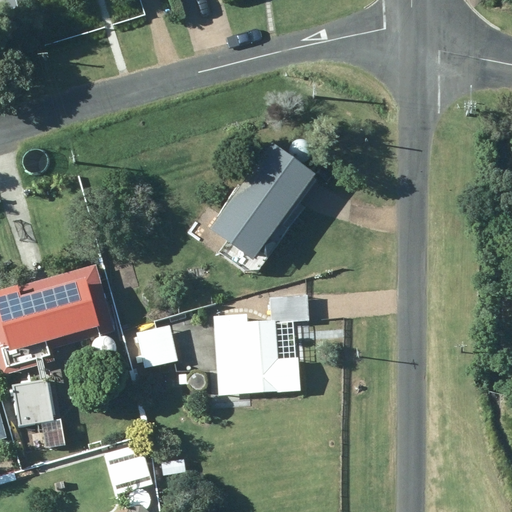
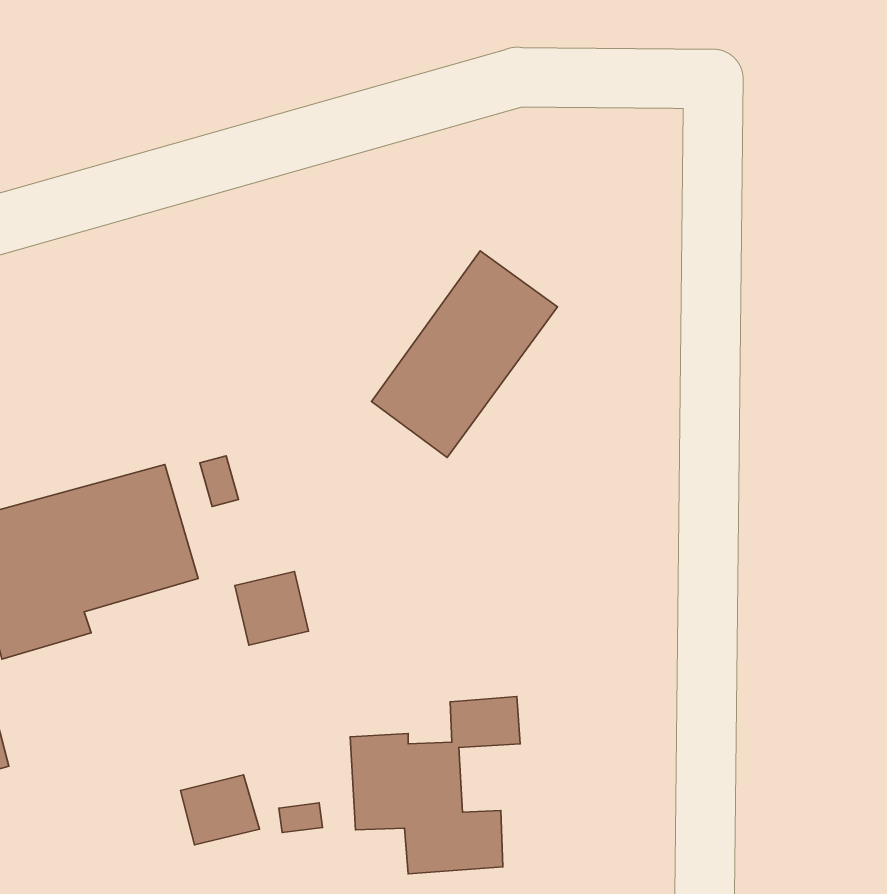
building: [212,293,309,394] -> [350,697,520,874]
building: [13,382,61,430] -> none

